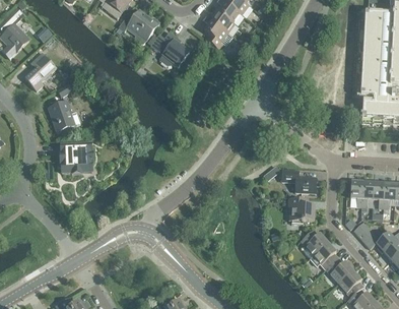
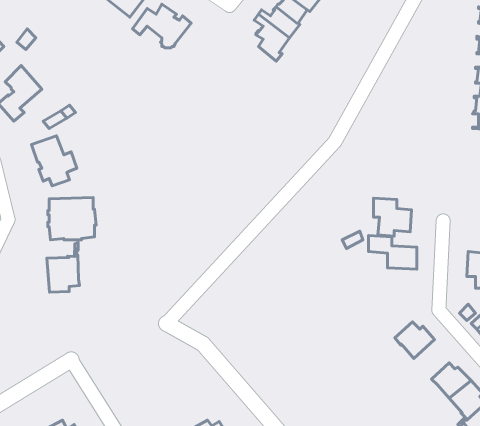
building: [150,32,190,66] -> none
building: none -> [47,243,80,292]
building: [288,197,315,224] -> [374,198,412,236]
building: [310,242,338,269] -> none

